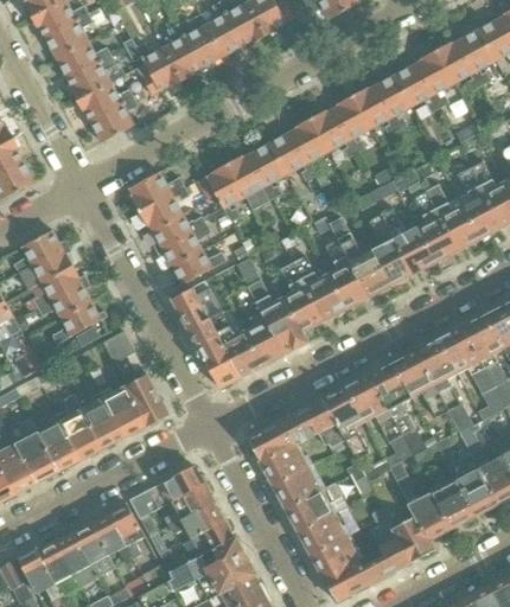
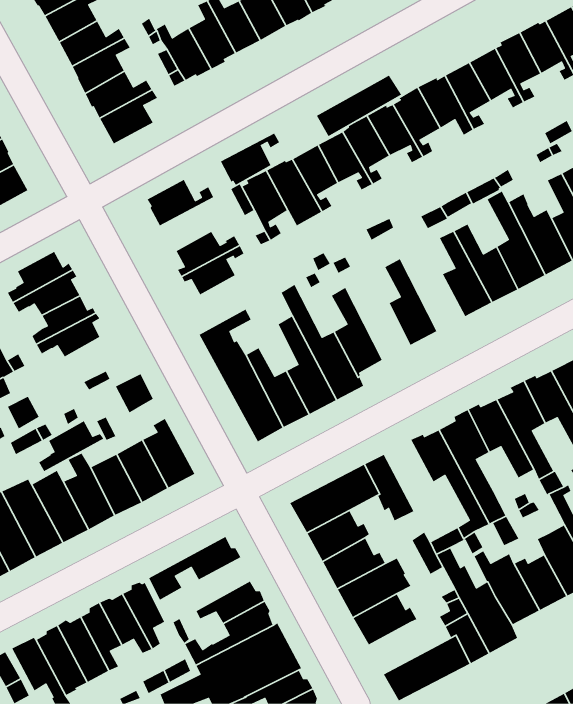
building: none -> [316,74,402,137]
building: [139,186,189,230] -> [220,133,280,186]
building: [337,230,390,296] -> none
building: [172,250,224,287] -> none
building: [292,254,345,320] -> none
building: [52,301,107,344] -> [38,420,104,472]
building: [324,385,368,459] -> none
building: [164,483,213,526] -> none
building: [311,536,363,579] -> none

